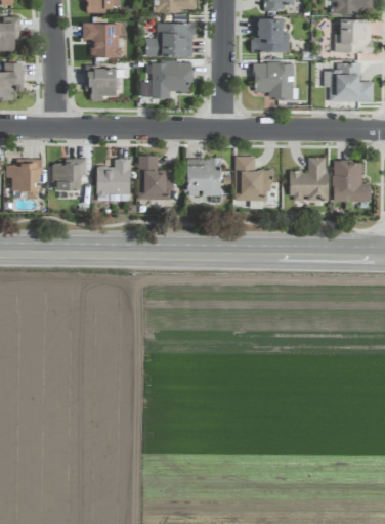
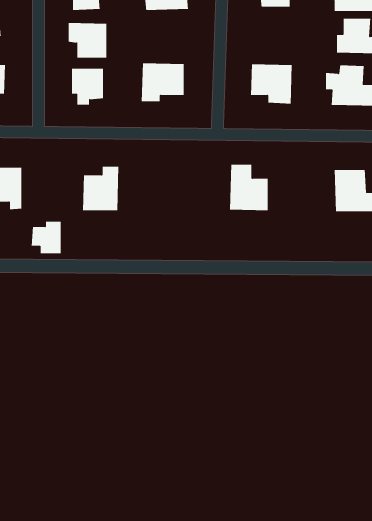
building: [253,18,290,52] -> none
building: [146,23,196,57] -> none
building: [138,156,174,200] -> none
building: [291,158,328,201] -> none
building: [52,159,81,189] -> [31,221,61,254]
building: [187,159,221,196] -> none

